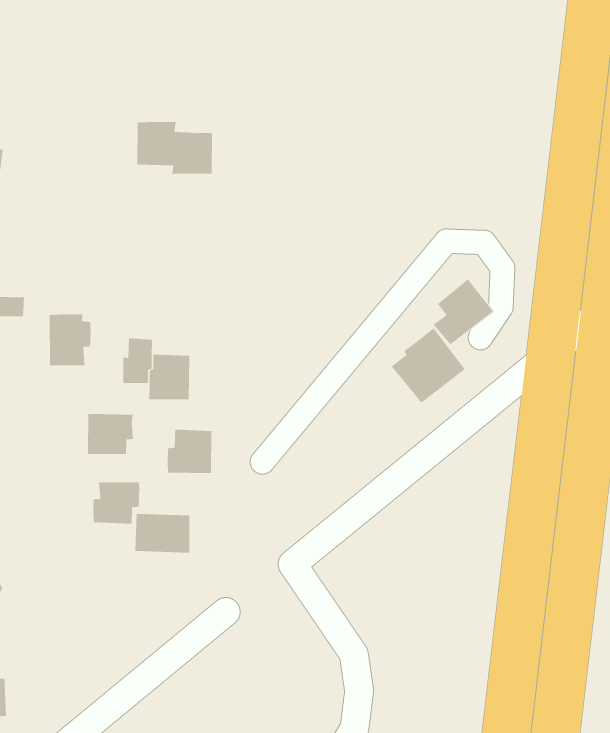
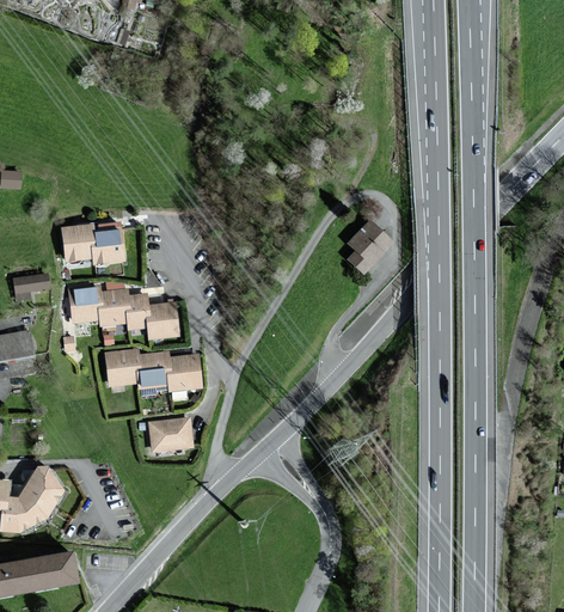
building: [136,122,213,174] -> [62,226,122,264]
building: [391,328,465,404] -> none
building: none -> [97,290,129,325]
building: [93,482,140,524] -> [136,354,171,387]

